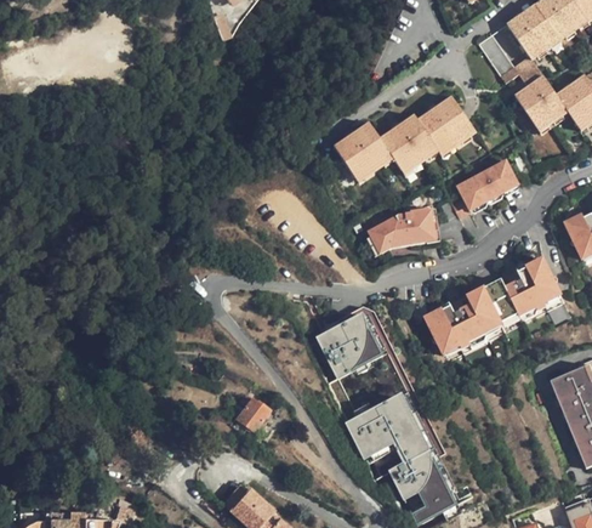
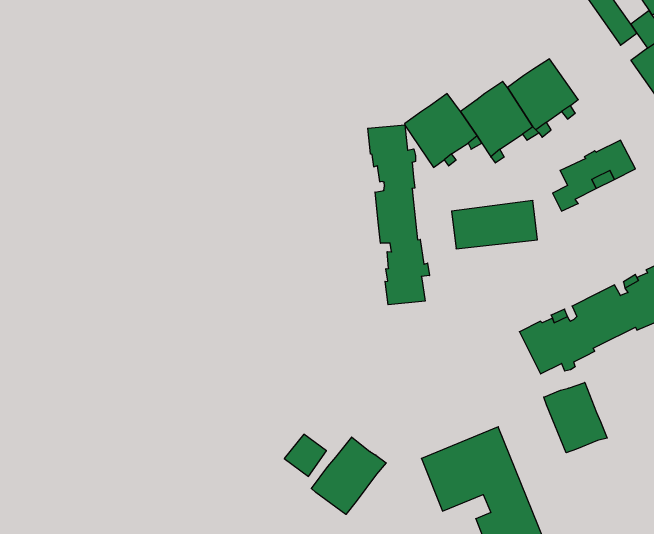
building: none -> [368,125,429,305]
building: [317,312,385,377] -> none
building: none -> [544,382,607,453]
building: none -> [311,437,386,514]

